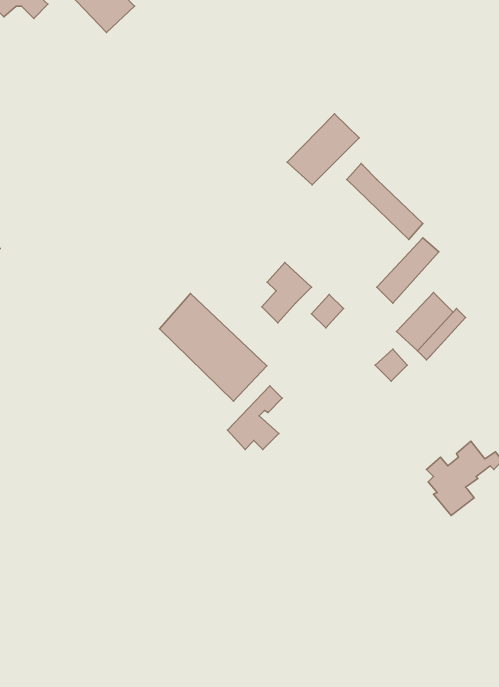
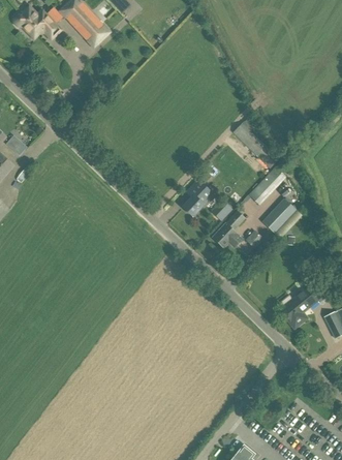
building: [287,114,359,185] -> none
building: [160,294,267,401] -> none
building: [227,386,282,449] -> [212,210,244,247]

